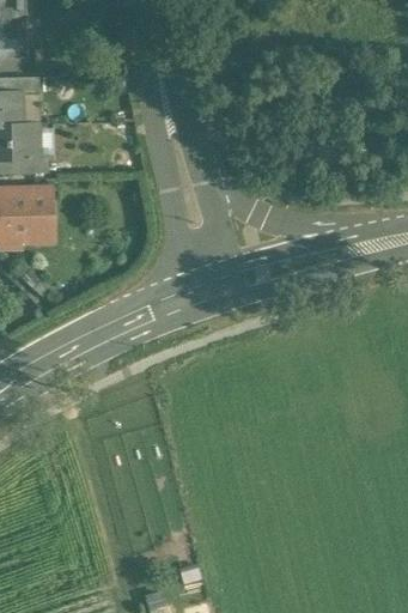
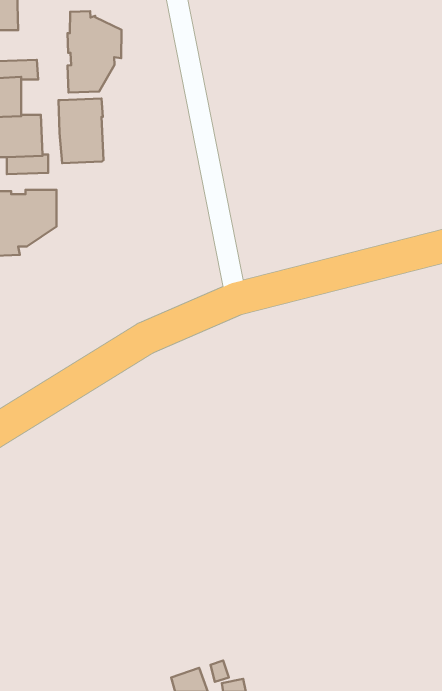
building: none -> [68,11,121,93]
building: none -> [59,98,103,163]

